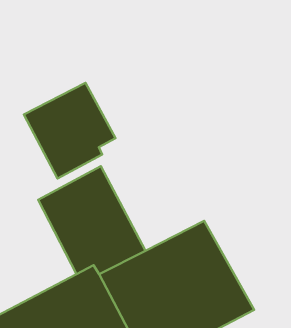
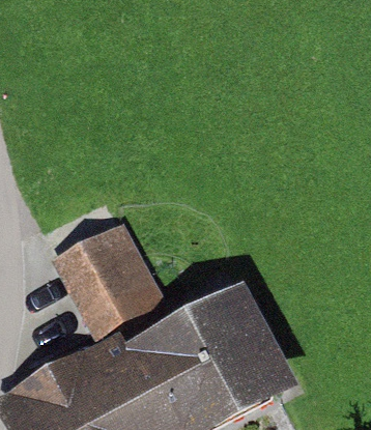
building: [24,83,116,178] -> none

